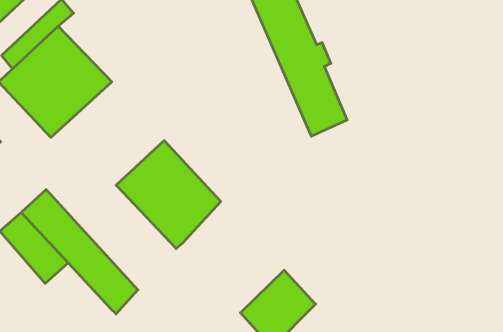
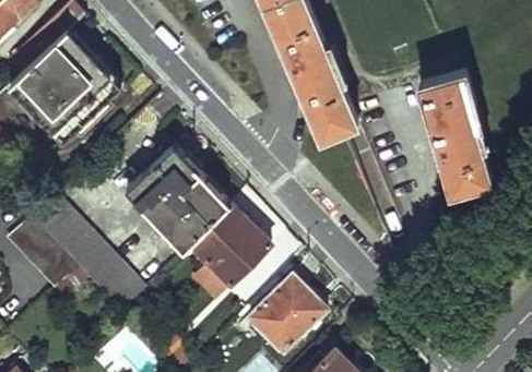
building: none -> [419,74,488,193]
building: none -> [191,206,268,285]

